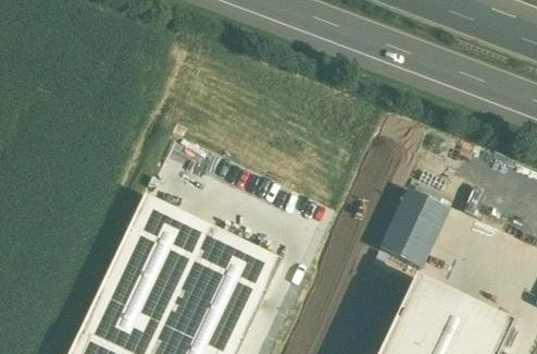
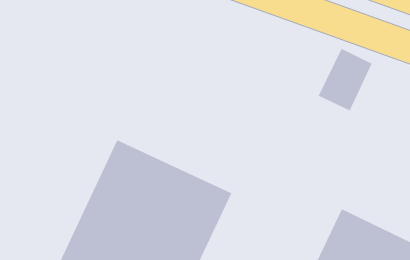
building: [379,187,446,264] -> [318,48,373,111]

